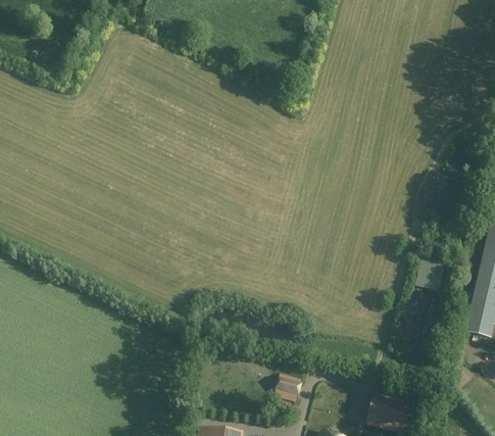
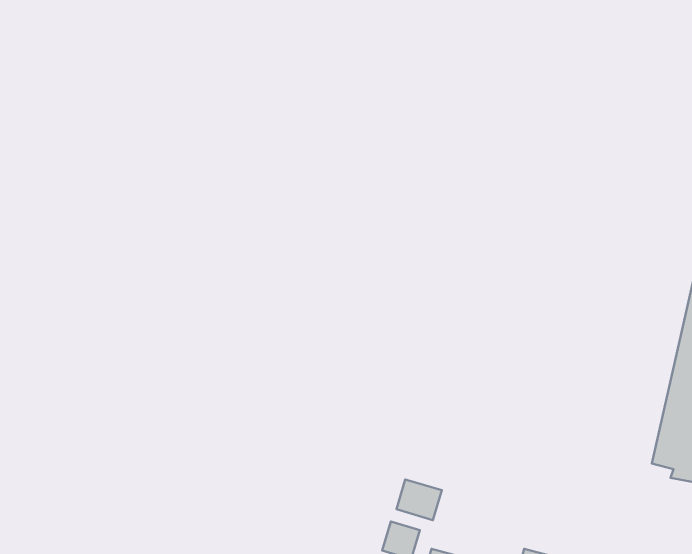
building: none -> [396,479,442,520]

